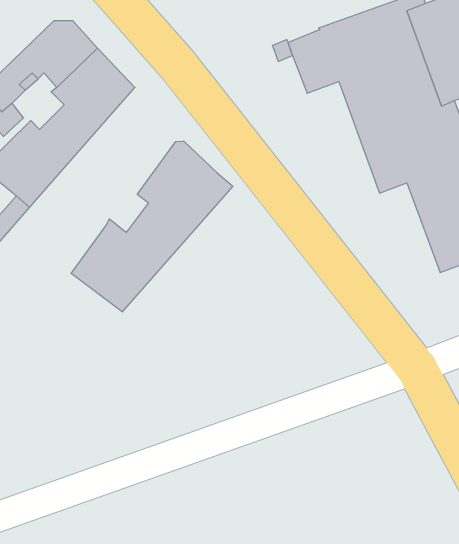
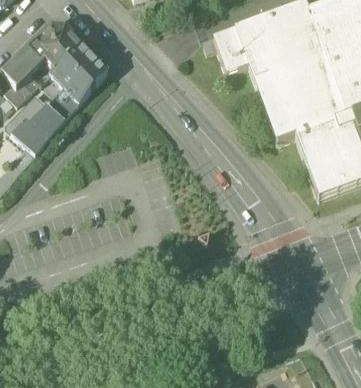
building: [71,141,233,312] -> none

